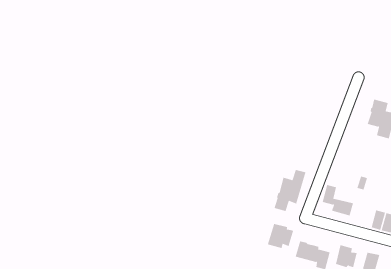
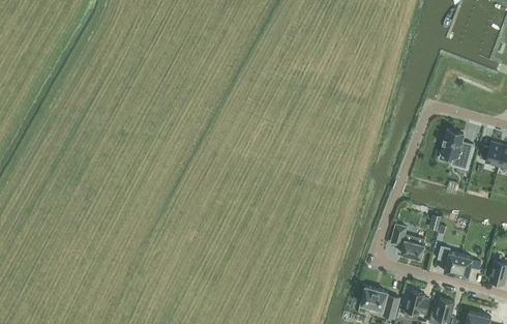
building: [274,169,306,212] -> none
building: [267,223,294,249] -> none

